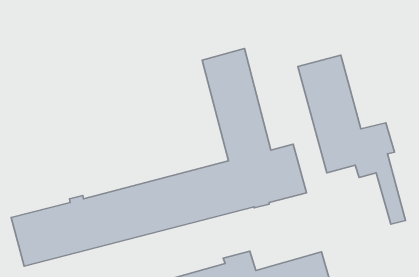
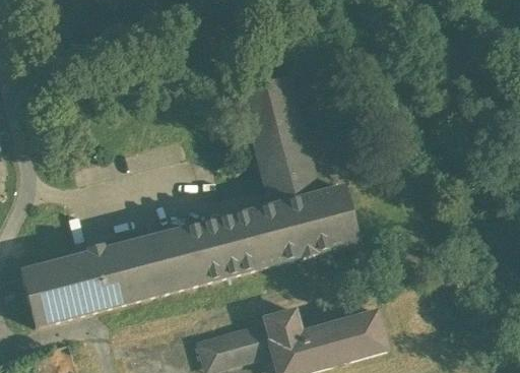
building: [298,55,405,224] -> none

